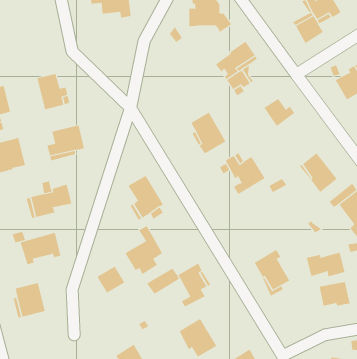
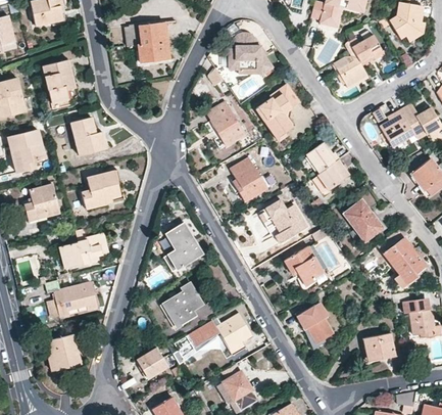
building: none -> [43,60,77,103]
building: none -> [207,102,245,146]
building: none -> [317,158,349,189]
building: none -> [285,246,324,285]
building: [306,252,345,277] -> none
building: [97,266,125,294] -> [138,349,167,377]

